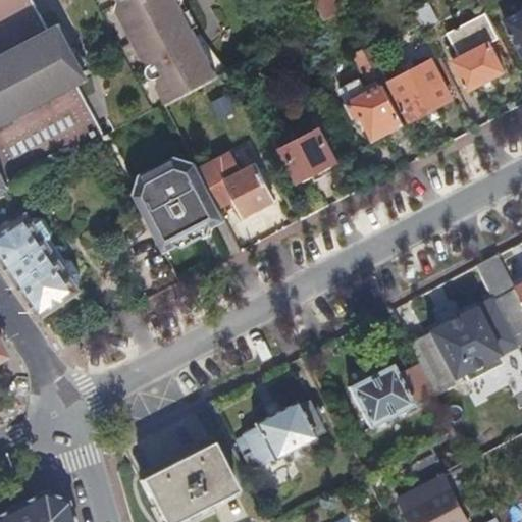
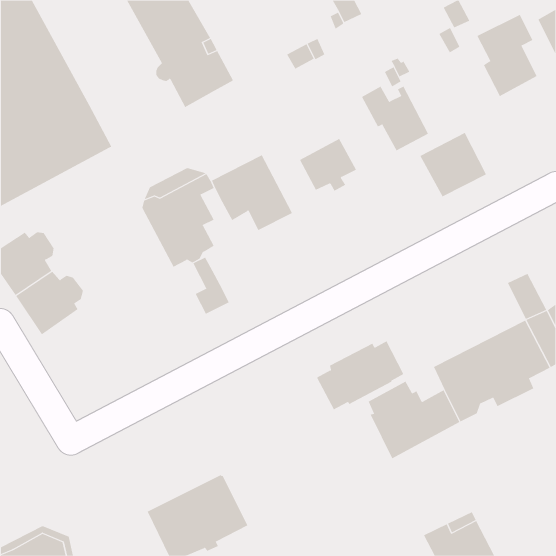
building: [387,60,451,121] -> [419,132,487,197]
building: [189,176,223,230] -> [193,257,230,314]
building: [241,402,323,467] -> [316,341,404,410]

